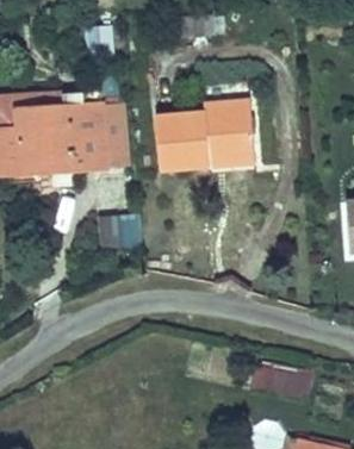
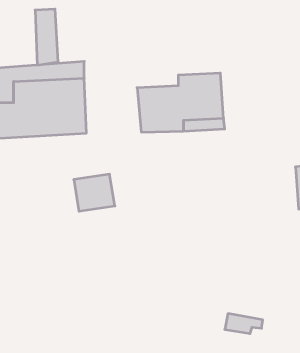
building: [106,102,132,166] -> [35,9,58,65]

